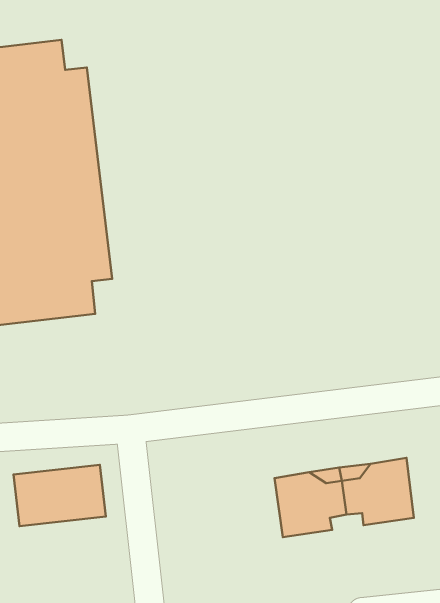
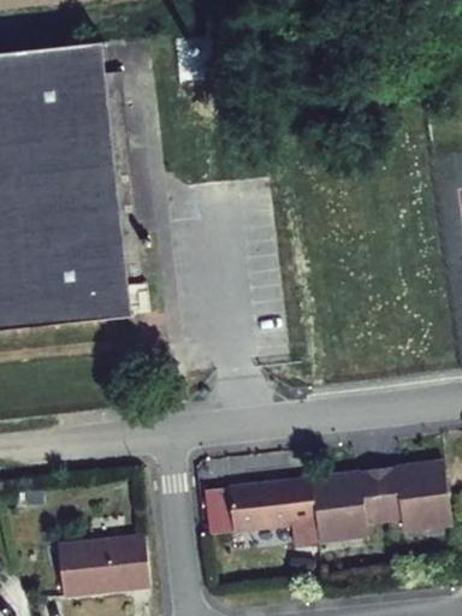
building: [13,465,106,526] -> [43,535,136,597]
building: none -> [209,482,303,545]

